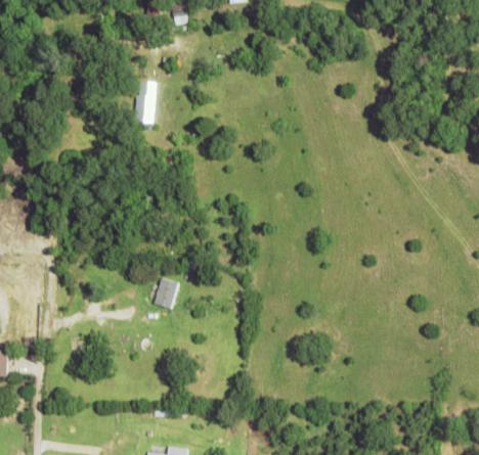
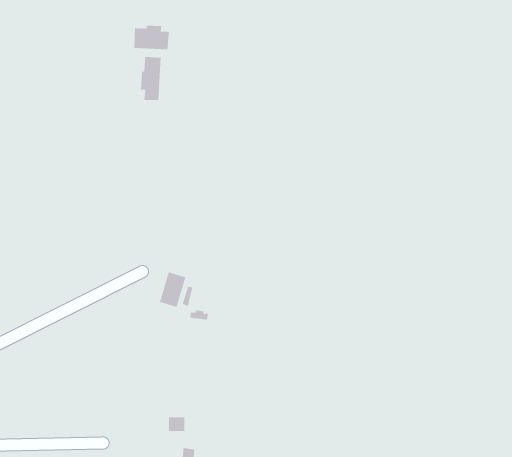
building: none -> [134,25,169,50]

